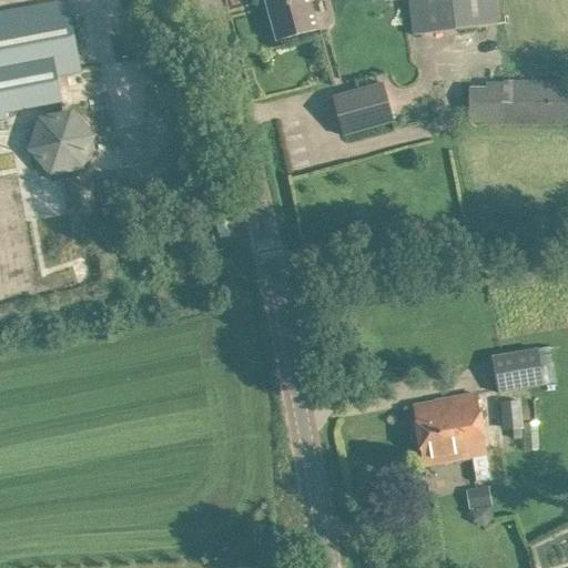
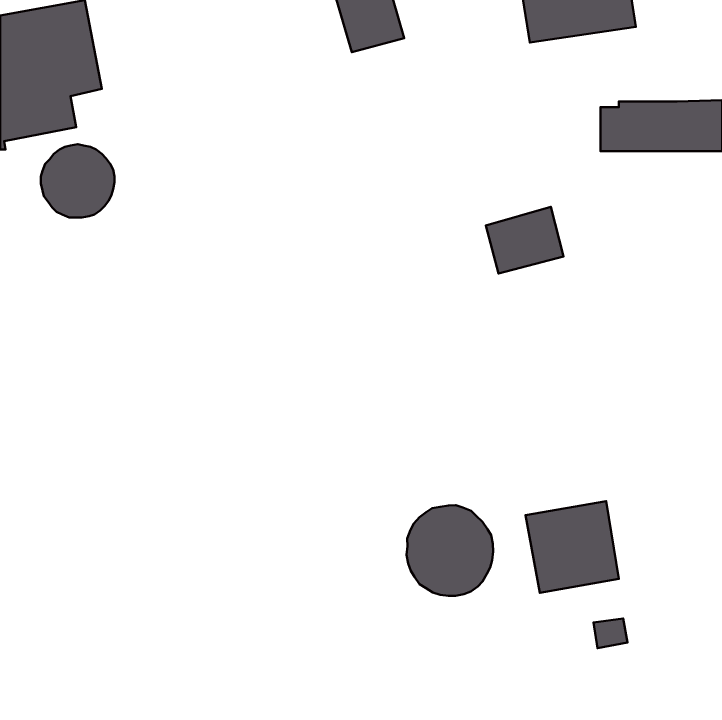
building: [332,81,393,133] -> [486,207,563,273]
building: [491,348,544,392] -> none
building: none -> [407,505,493,596]
building: [499,399,523,430] -> none

